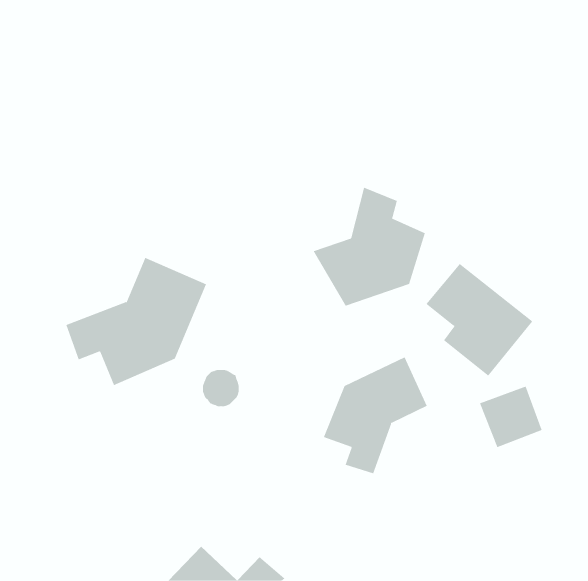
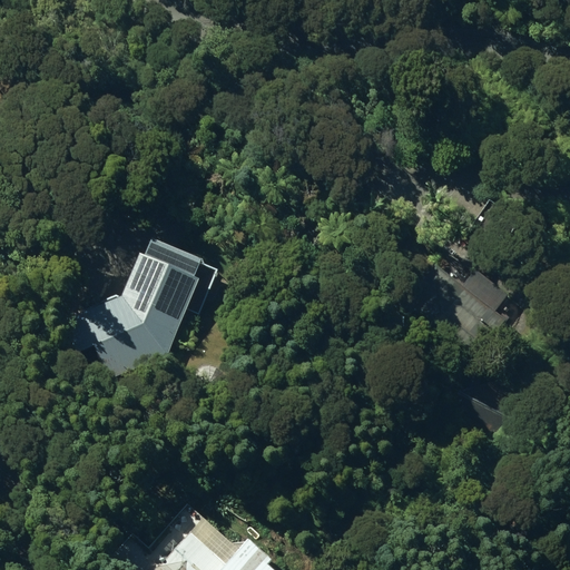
building: [313,187,426,307] -> none
building: [323,357,428,474] -> none

